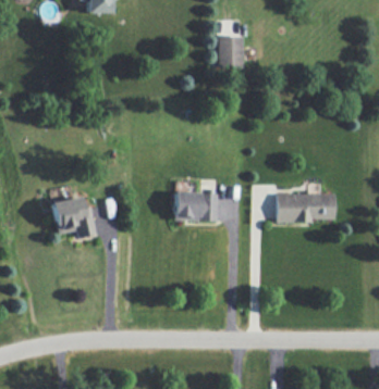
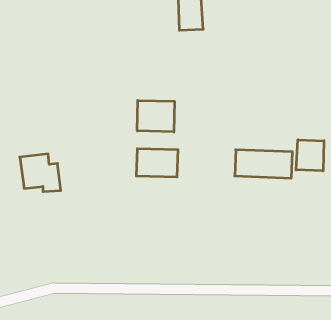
building: none -> [137,100,174,132]
building: none -> [296,140,324,171]

